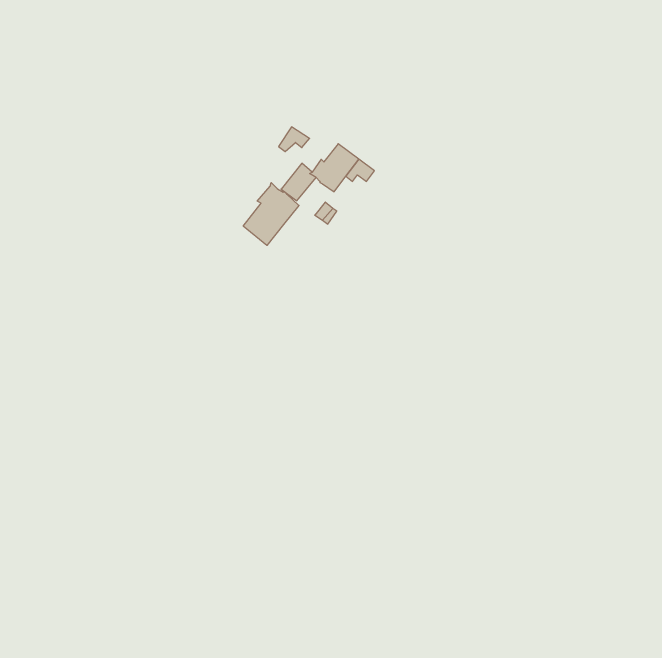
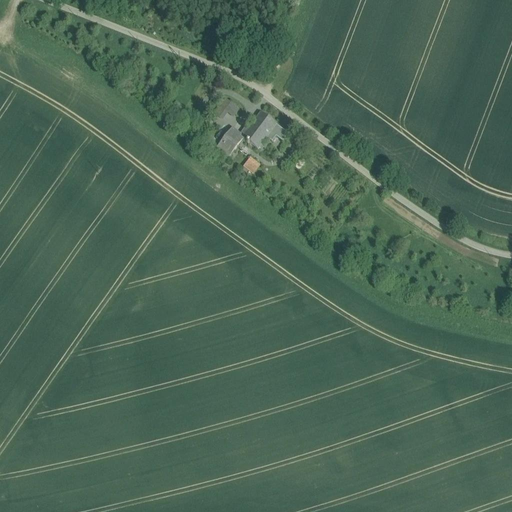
building: [243,183,299,245] -> none

